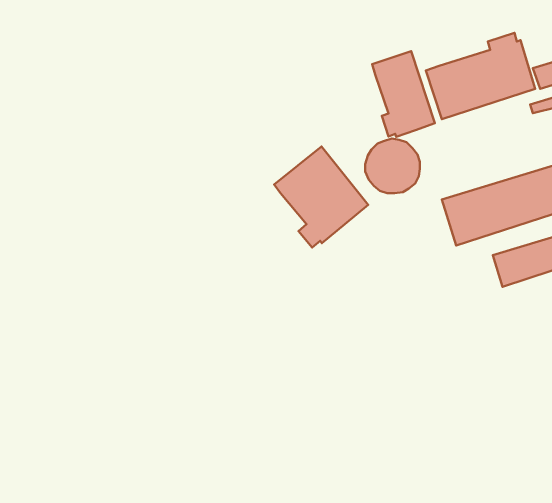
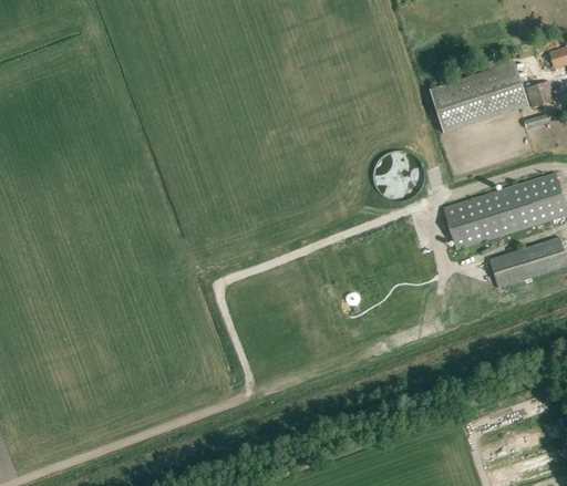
building: [372,51,435,137] -> none
building: [274,147,368,248] -> none

